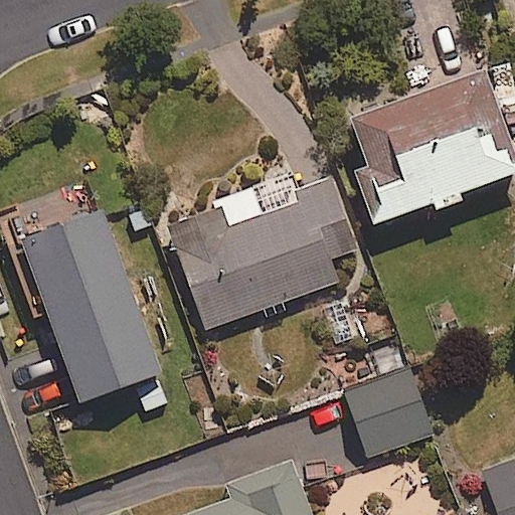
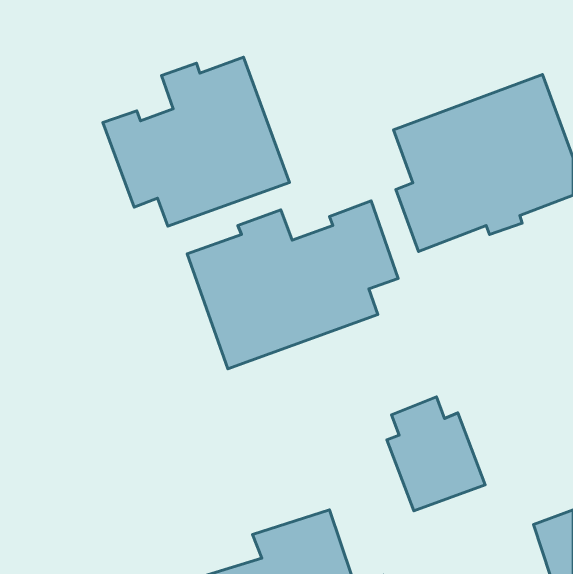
building: none -> [103,57,290,226]
building: [22,211,169,416] -> none

